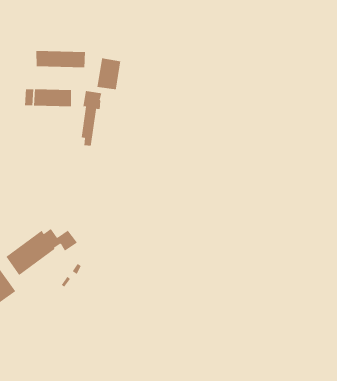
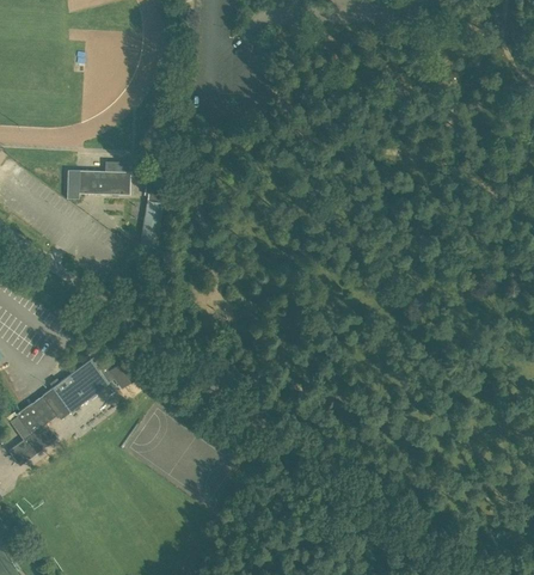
building: [36,50,86,68] -> none
building: [97,57,121,90] -> none

